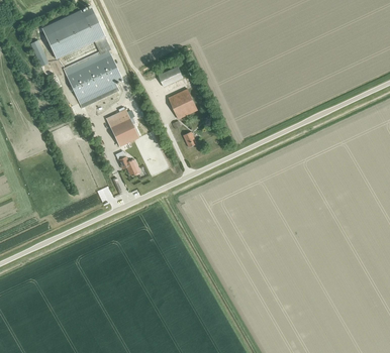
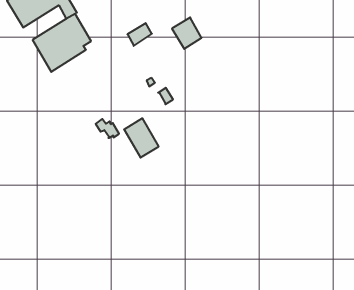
building: [168,88,196,118] -> [172,17,202,49]
building: [105,108,137,146] -> [124,118,159,158]

